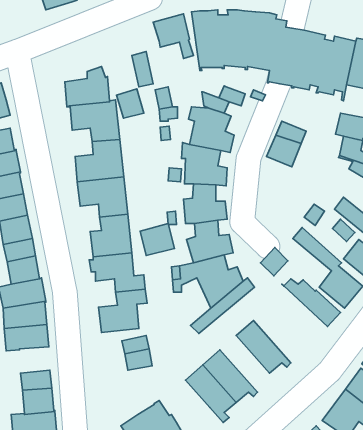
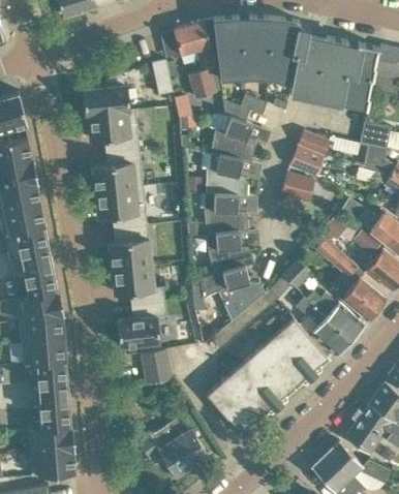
building: [116,89,144,118] -> [188,68,216,98]
building: none -> [281,174,314,202]
building: [140,223,175,255] -> none
building: none -> [296,297,350,356]
building: none -> [275,318,327,377]
building: none -> [241,349,291,407]
building: none -> [36,361,67,388]

